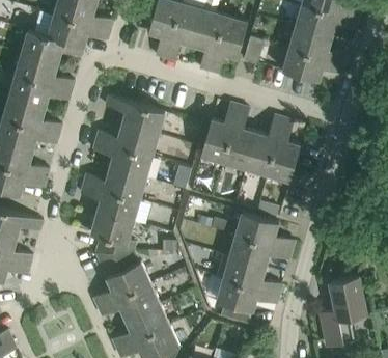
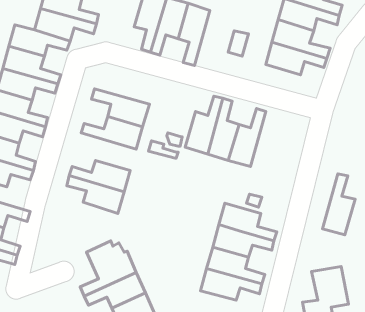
building: [210,17,247,75] -> none
building: [267,119,300,182] -> [322,174,355,235]
building: [92,141,150,180] -> none
building: [89,212,135,263] -> none

